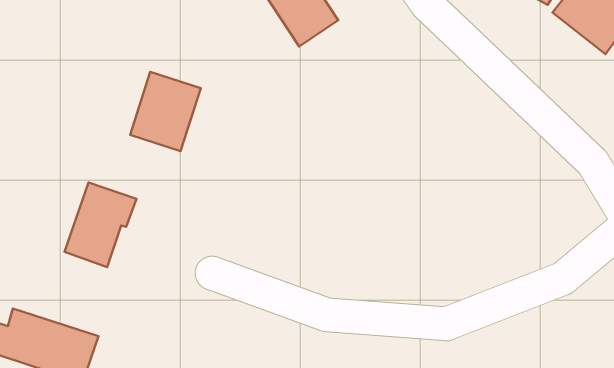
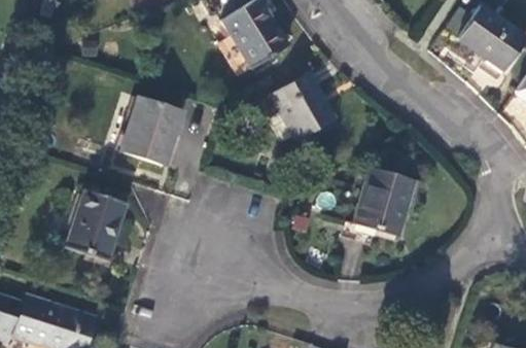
building: none -> [277,77,340,145]
building: none -> [354,167,414,235]

